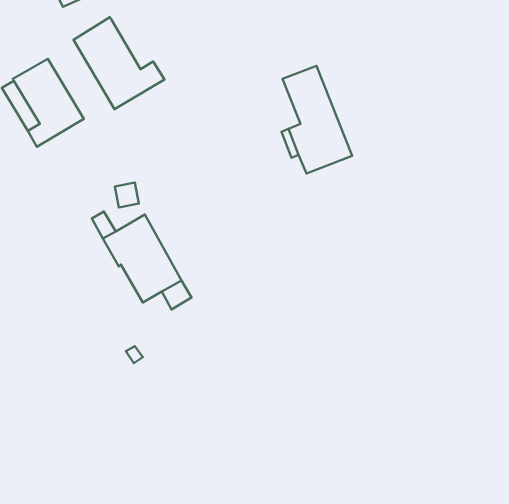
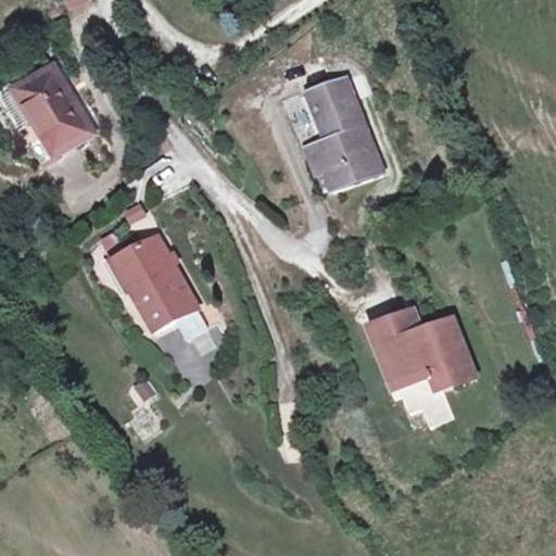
building: [74,17,164,109] -> none
building: none -> [375,309,476,422]

